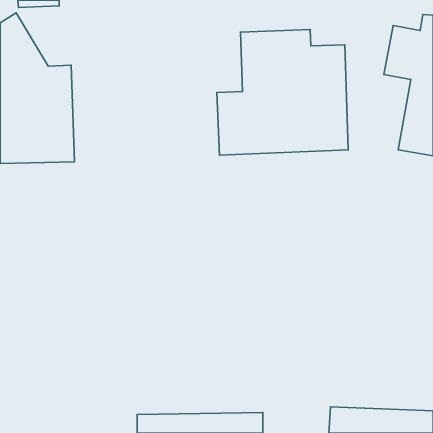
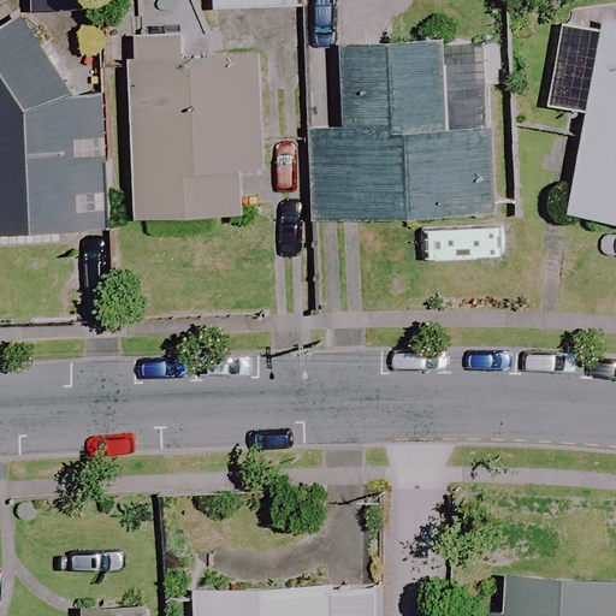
building: none -> [129,38,256,215]

